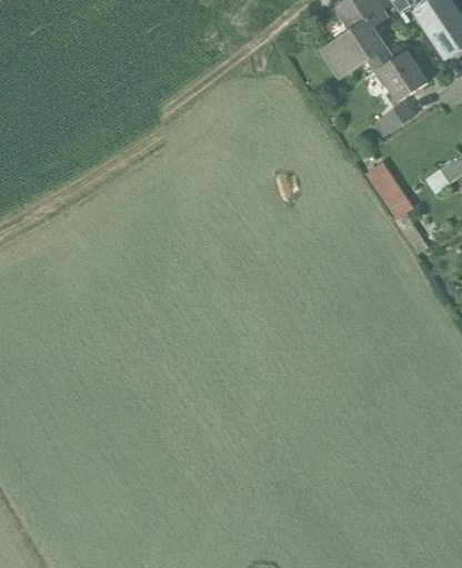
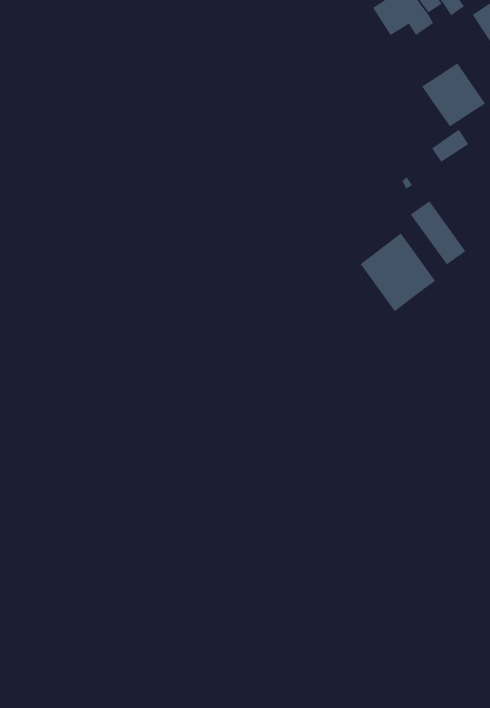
building: [327,20,392,74] -> none
building: none -> [360,233,436,312]

